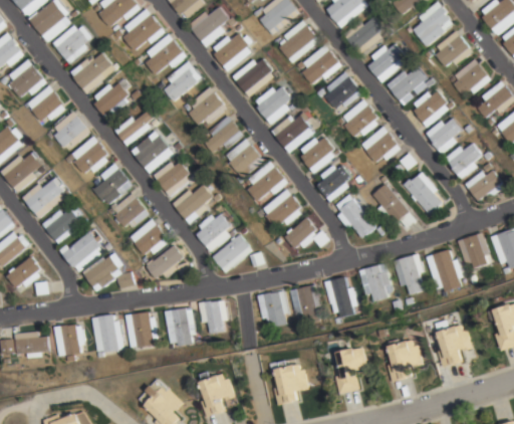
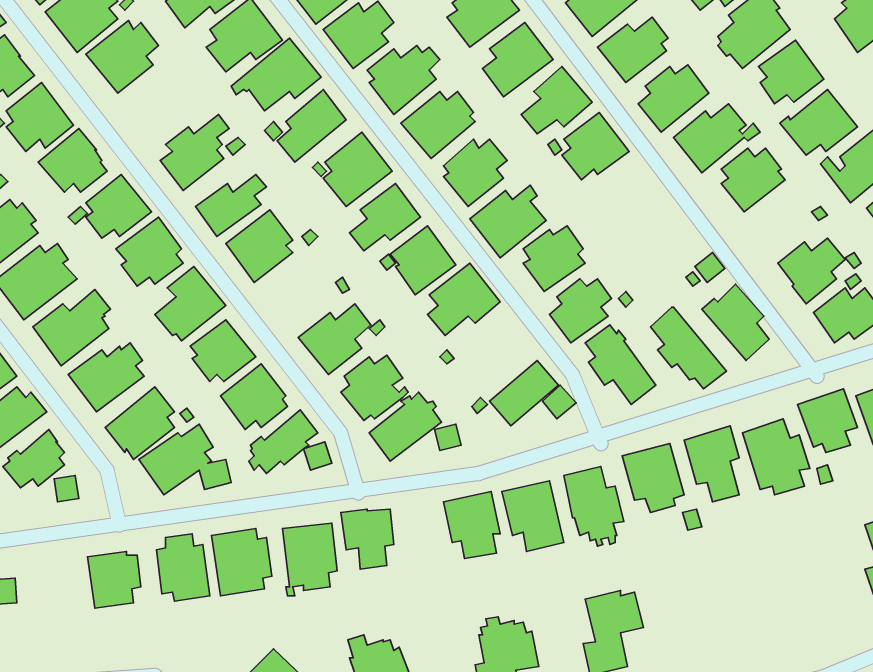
building: [71,50,121,91] -> none
building: [340,100,375,139] -> none
building: [426,122,463,153] -> none
building: [359,129,399,165] -> none
building: [154,159,191,194] -> none
building: [262,187,301,226] -> none
building: [435,319,474,365] -> none
building: [14,330,48,357] -> none
building: [386,337,424,381] -> none

